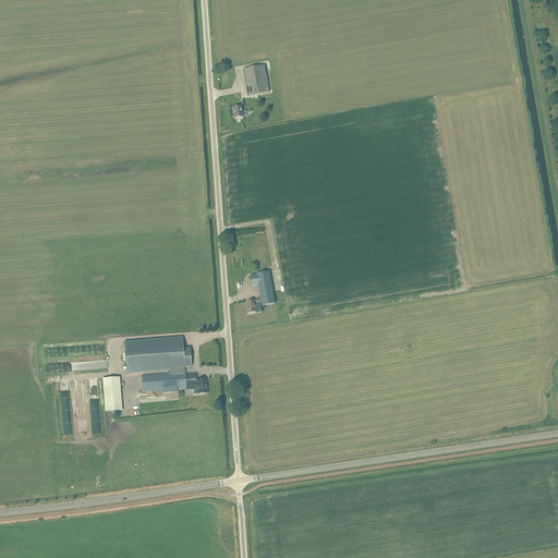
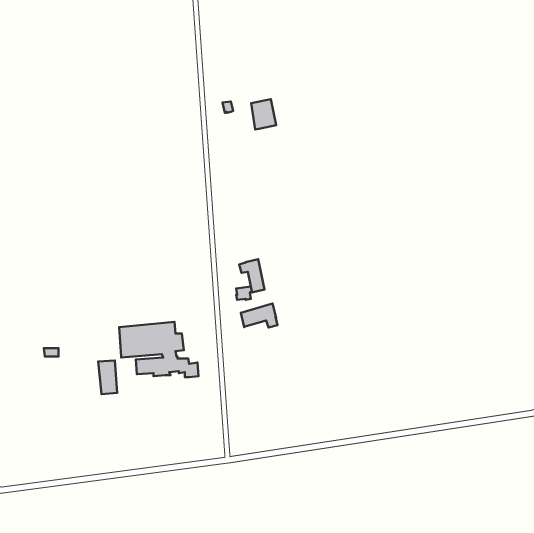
building: [243,64,269,96] -> [251,99,276,129]
building: none -> [241,303,277,327]

